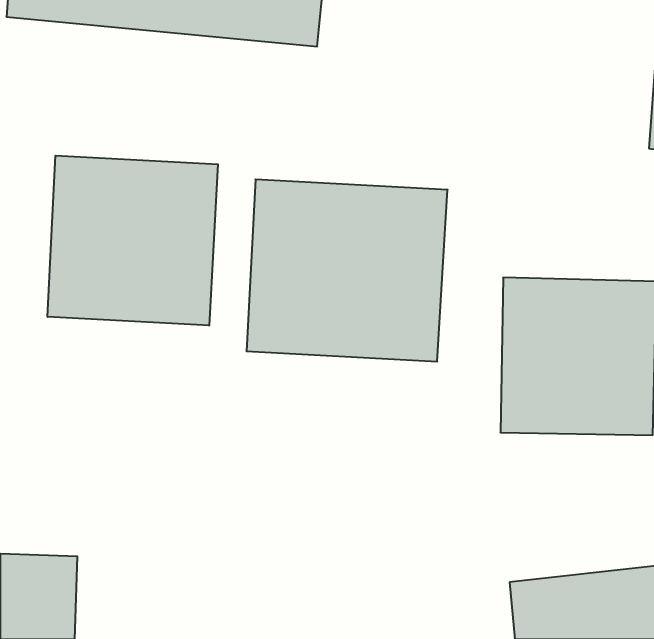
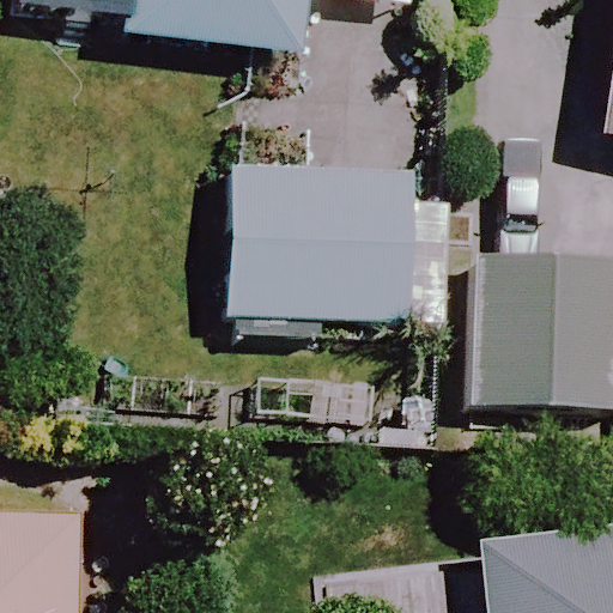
building: [48,156,218,326] -> none

